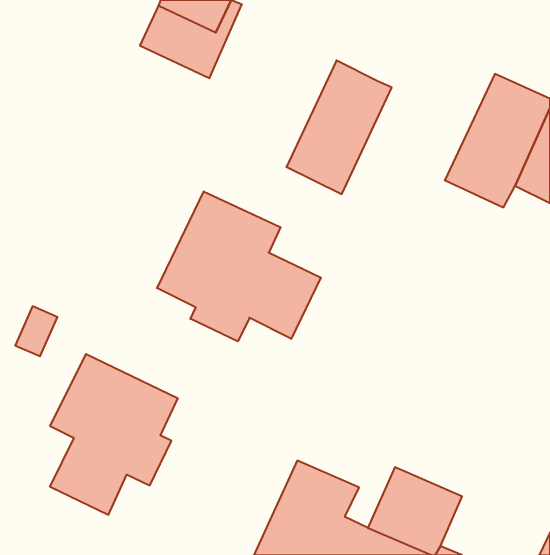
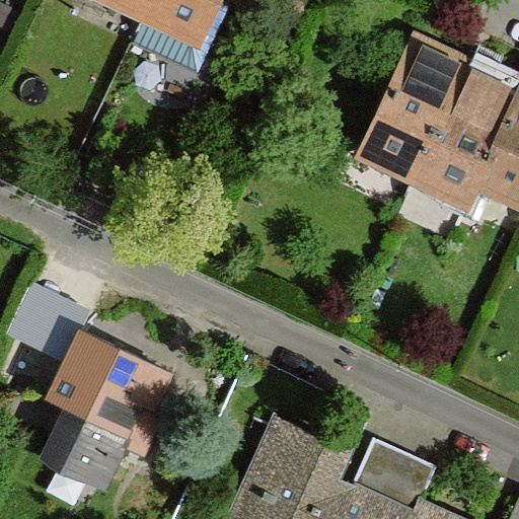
building: [286,60,392,194] -> [364,44,462,168]
building: [157,191,321,341] -> none

